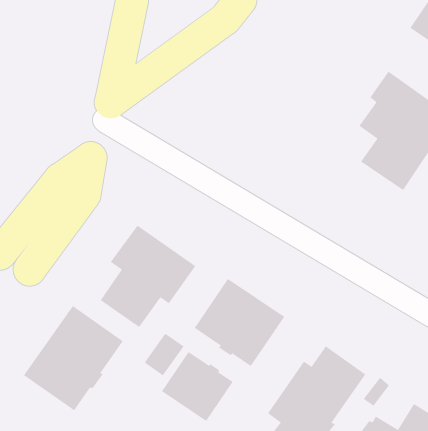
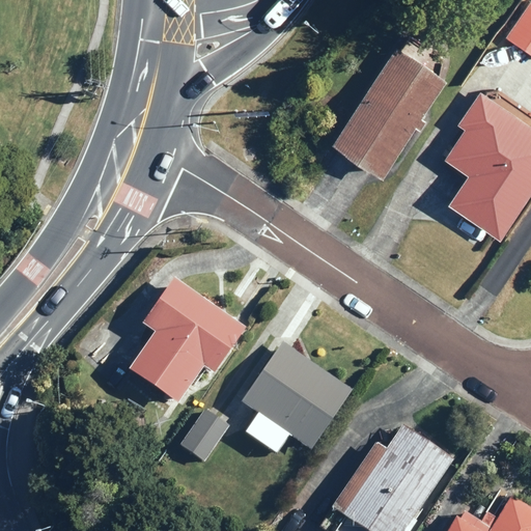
building: none -> [331,45,447,181]
building: [23,305,124,411] -> none
building: [161,351,234,422] -> none

